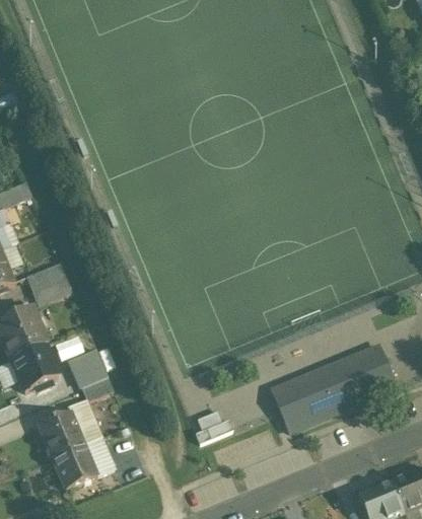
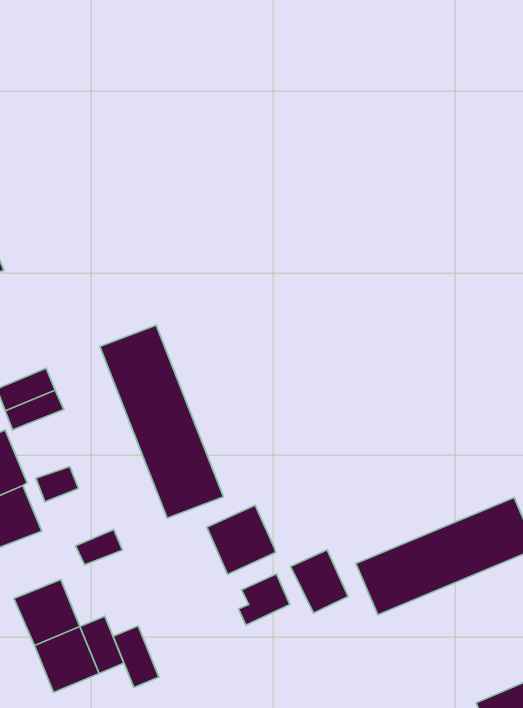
building: none -> [100,325,223,518]
building: [73,352,108,385] -> none
building: none -> [207,505,275,575]
building: none -> [291,550,348,613]
building: [70,398,101,441] -> [113,626,159,687]

